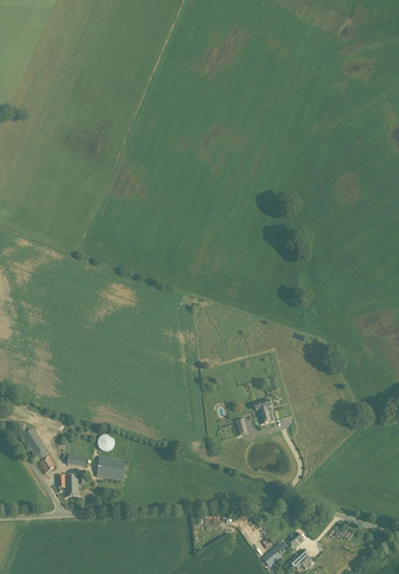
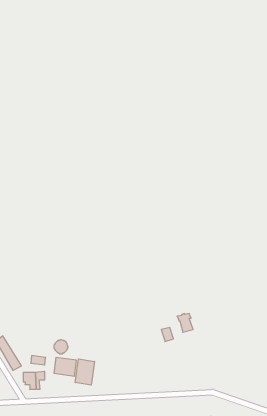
building: none -> [75,359,94,385]

